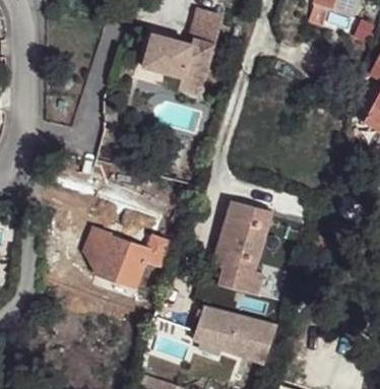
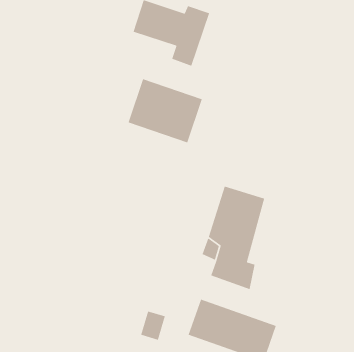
building: none -> [127,78,203,143]
building: [87,225,169,304] -> none

